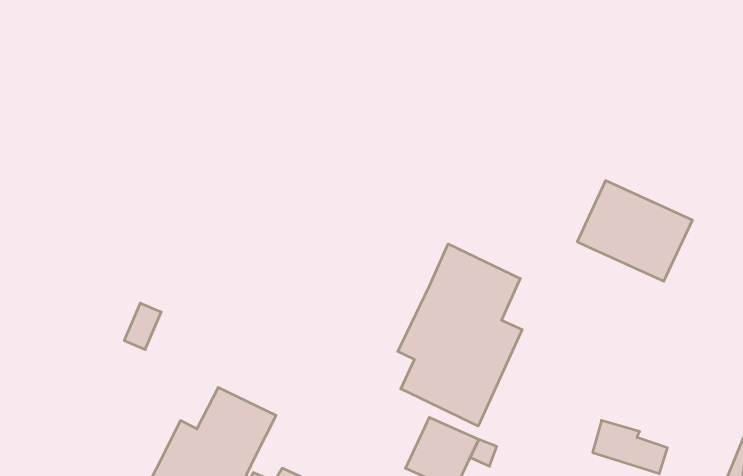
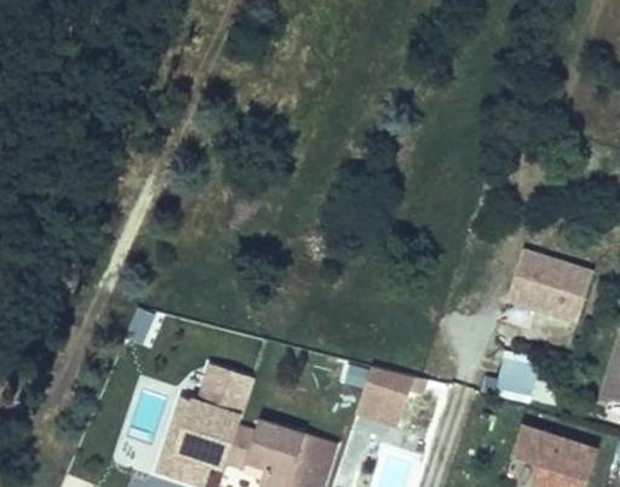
building: [577,181,692,281] -> [506,252,592,323]
building: [398,244,522,426] -> none

